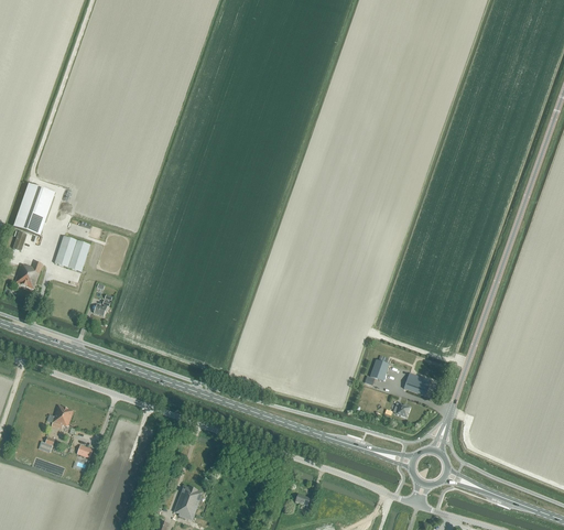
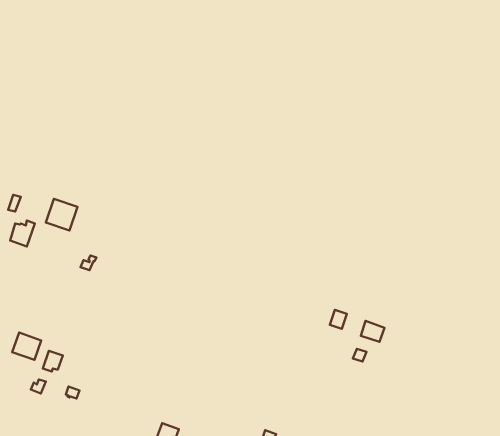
building: [12,184,54,235] -> none
building: none -> [12,333,41,360]

